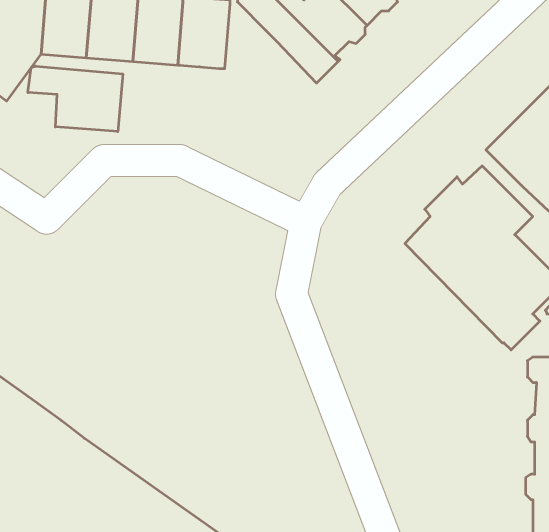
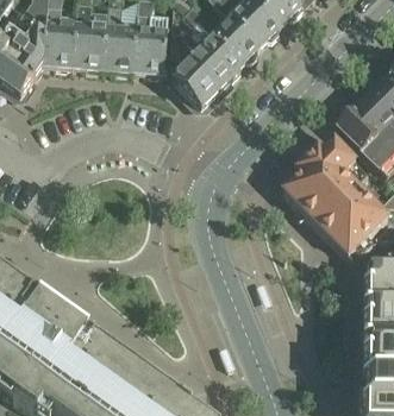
building: none -> [167,51,223,109]
building: [28,66,123,132] -> none

